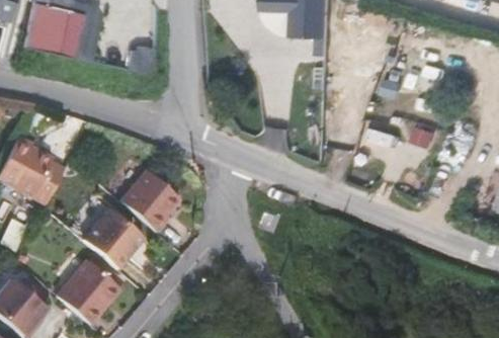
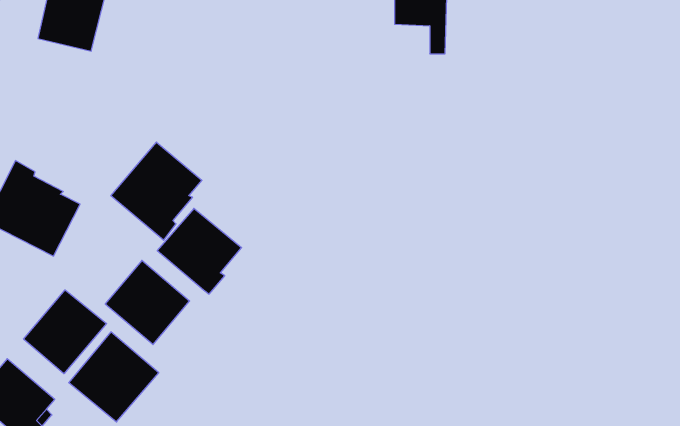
building: none -> [111,142,202,240]
building: none -> [24,290,107,374]

